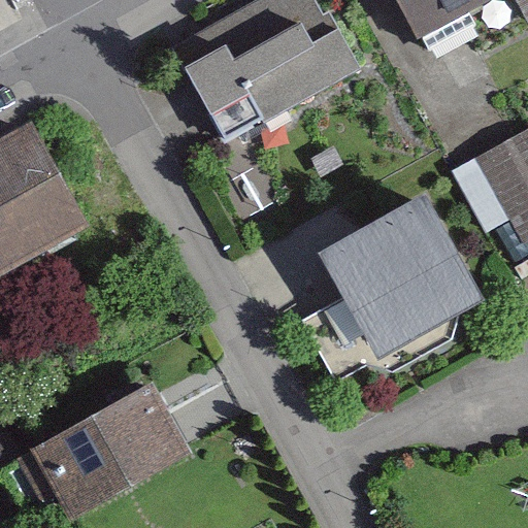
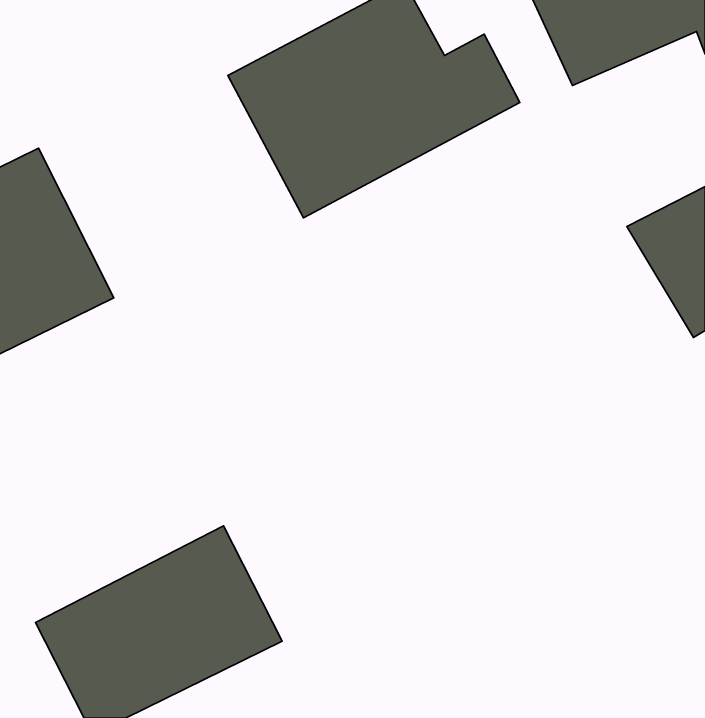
building: [302,194,484,360] -> none

